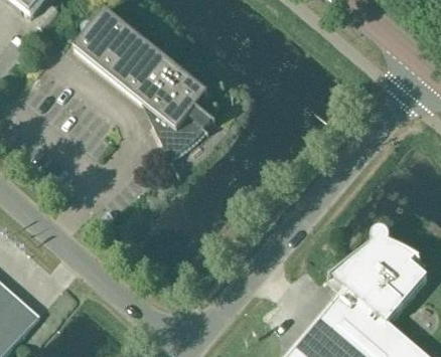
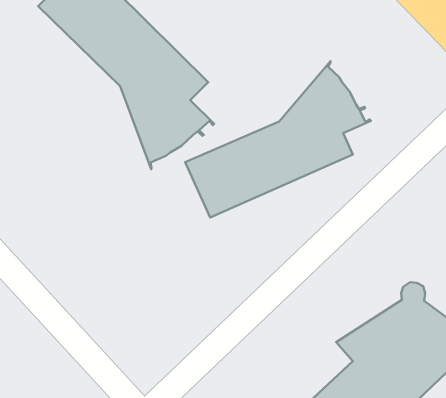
building: none -> [185,61,371,218]

